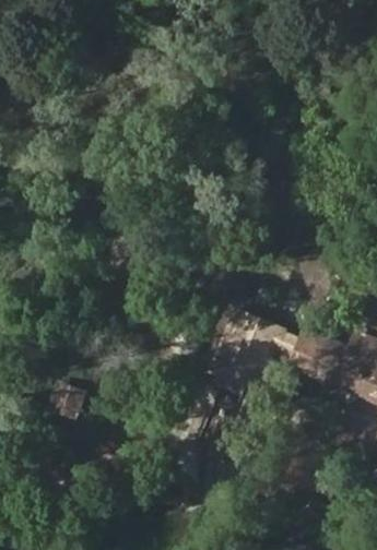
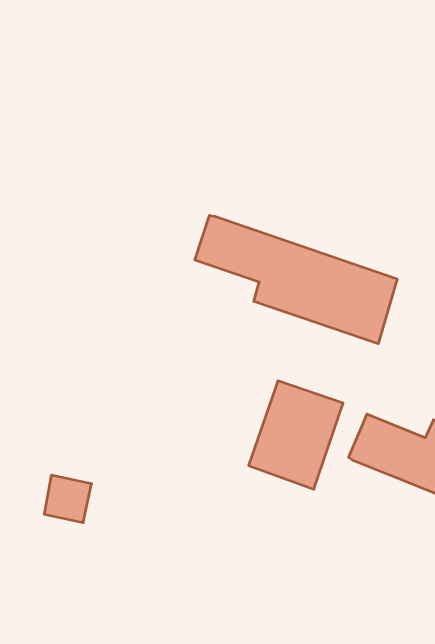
building: none -> [195,215,397,344]

